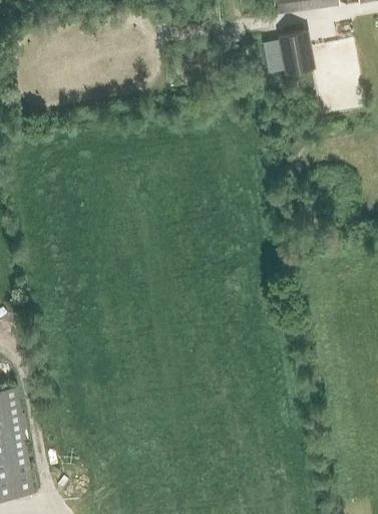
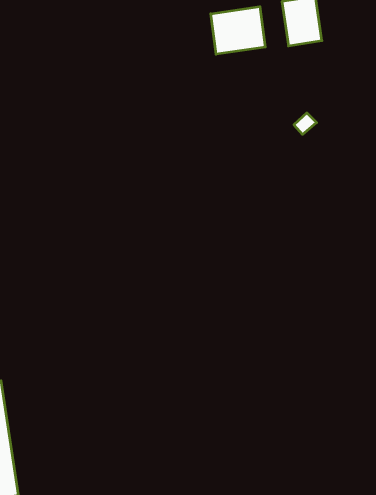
building: none -> [211,7,265,54]

